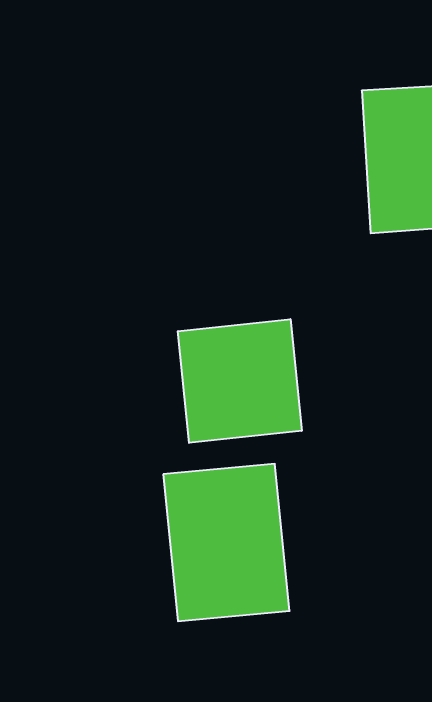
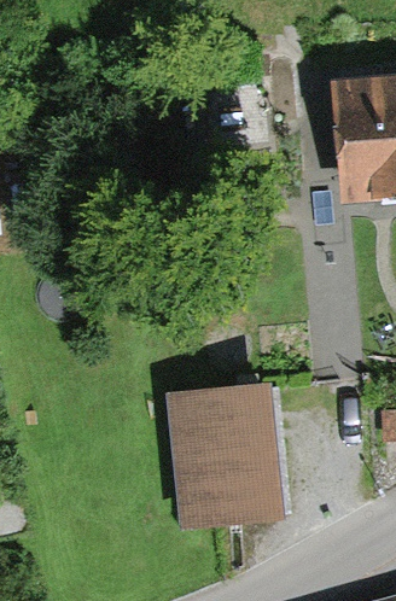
building: [178,319,302,443] -> none

